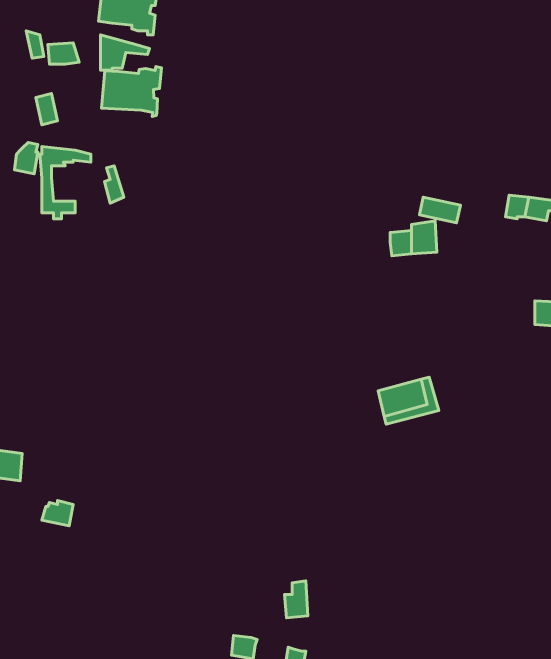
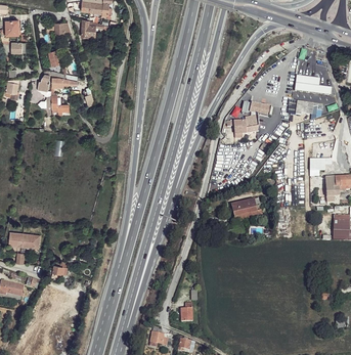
building: [101,67,162,117] -> none

